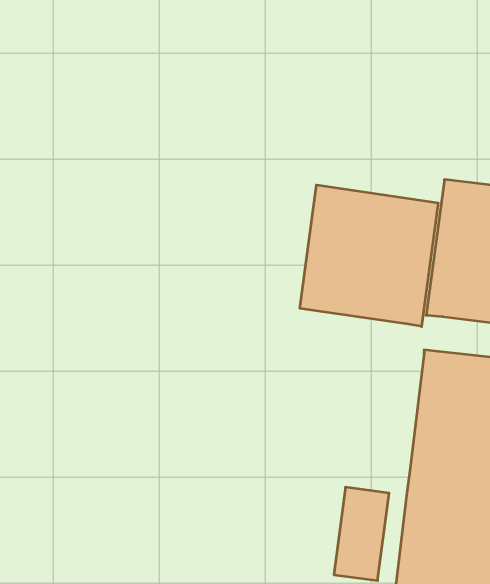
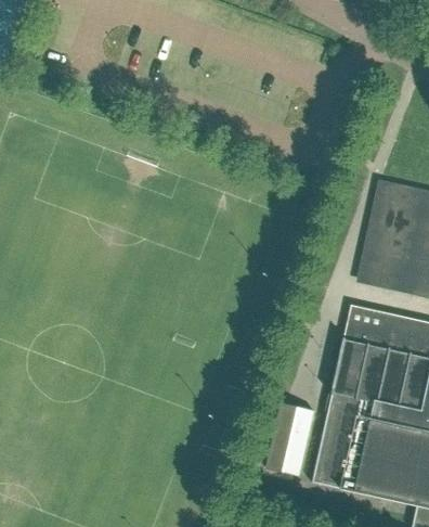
building: [300,185,438,327] -> none

